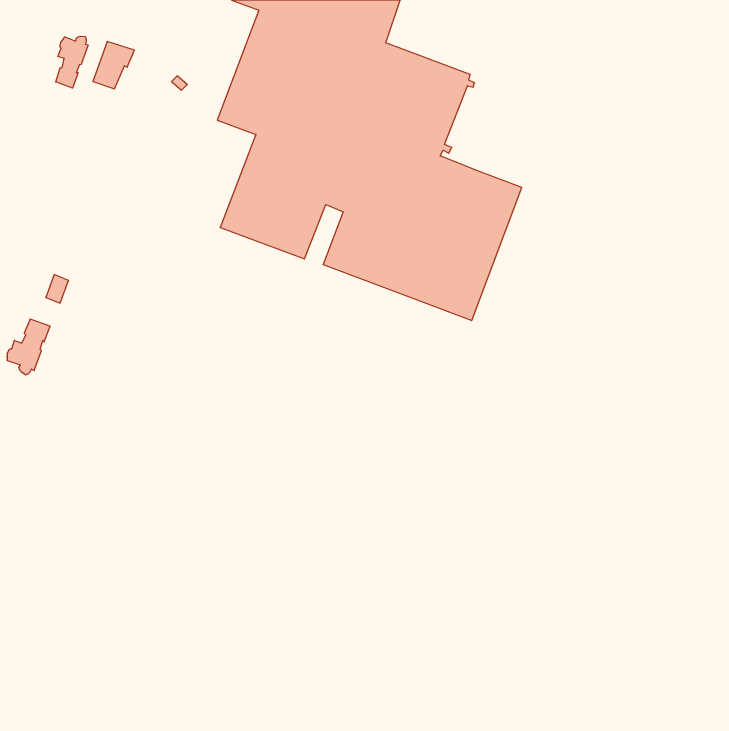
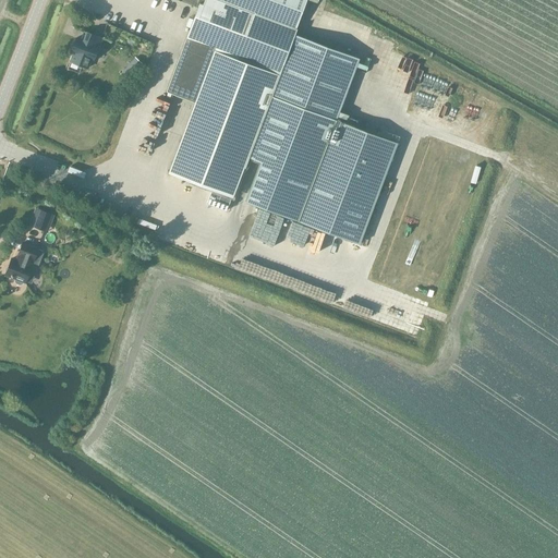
building: [56,36,88,88] -> none

